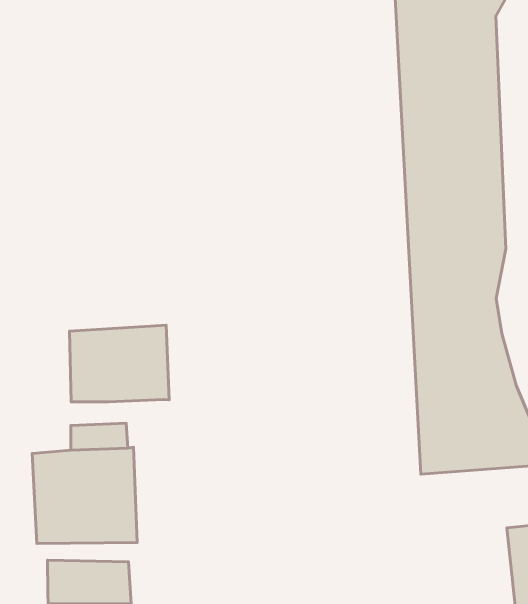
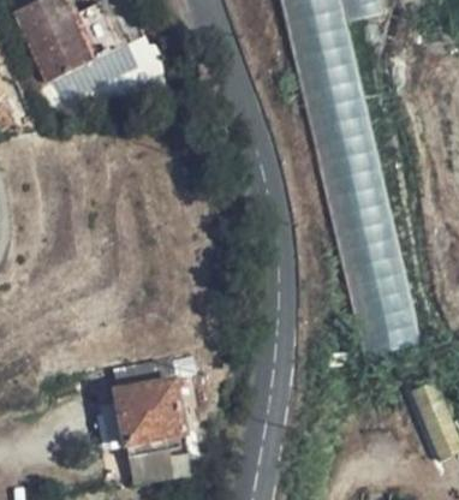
building: [70,325,169,402] -> none

